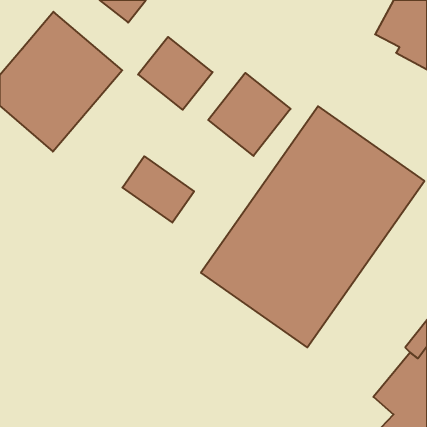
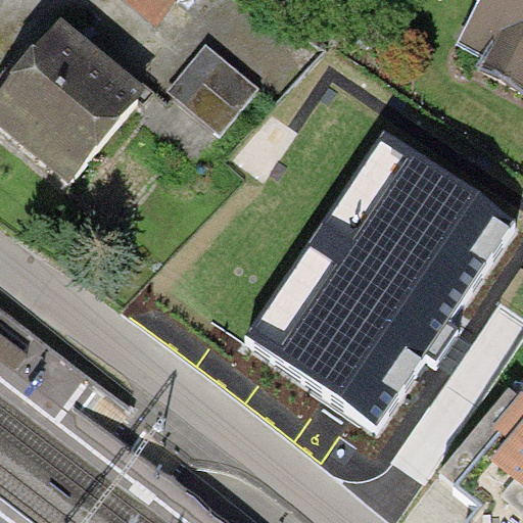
building: [208,73,291,156] -> none
building: [122,156,194,223] -> none

